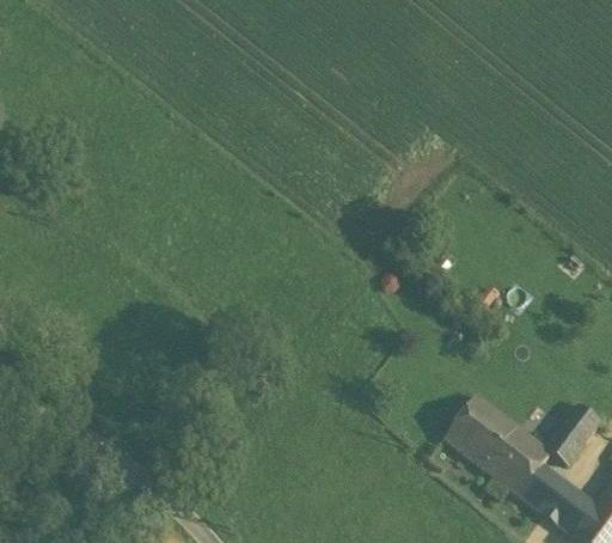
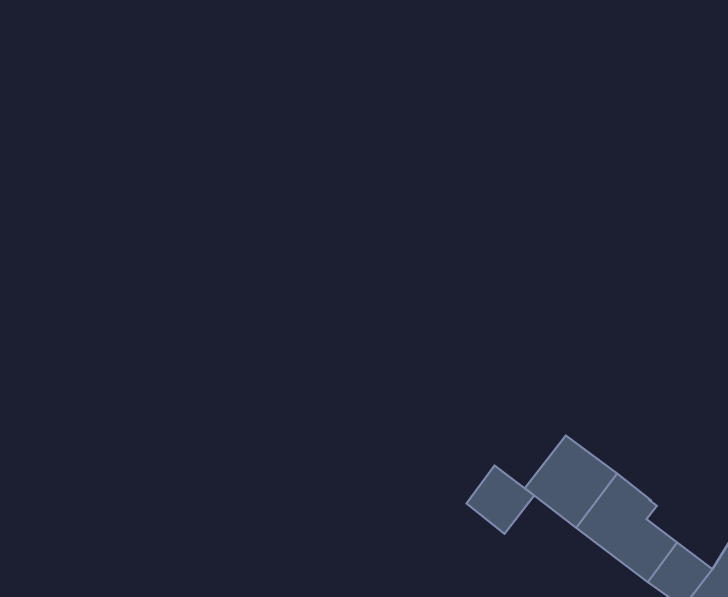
building: [546,404,601,465] -> none
building: none -> [467,465,534,534]

